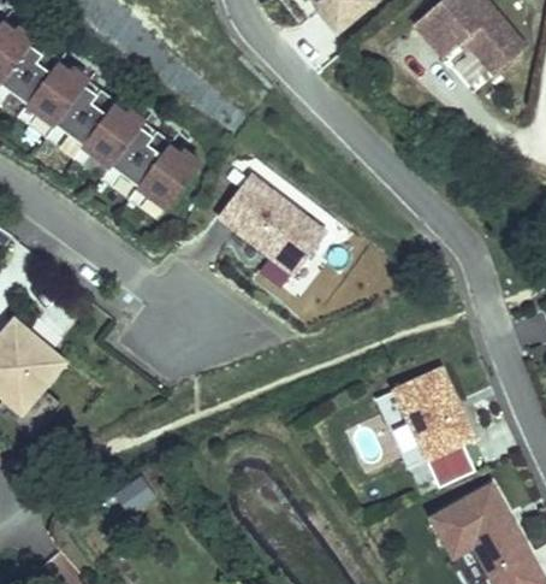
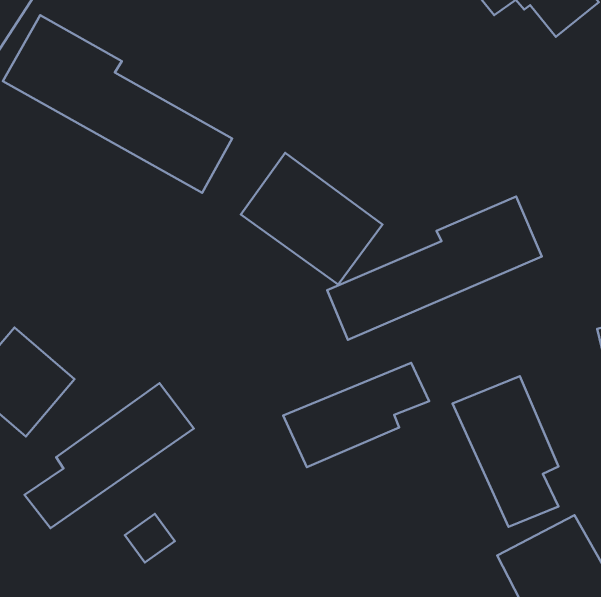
building: none -> [327,197,542,340]
building: none -> [283,363,429,467]
building: none -> [25,383,194,528]

